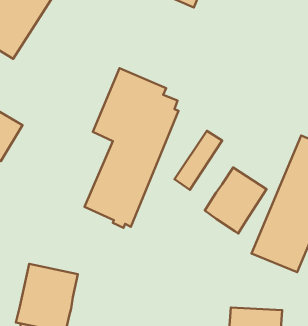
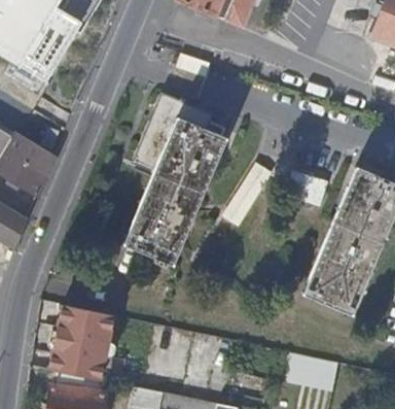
building: [205,167,267,233] -> none

